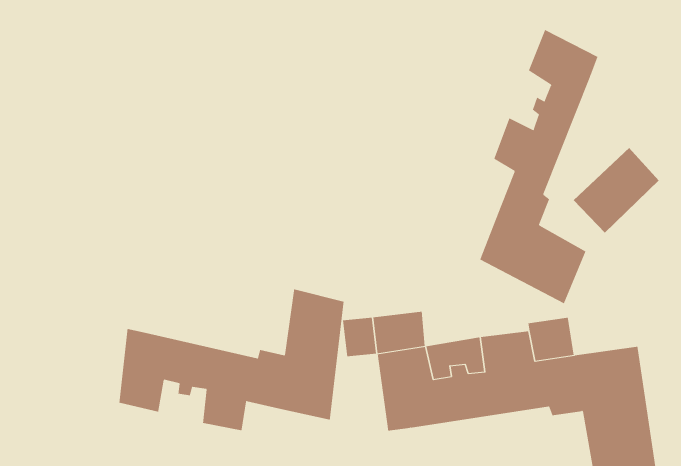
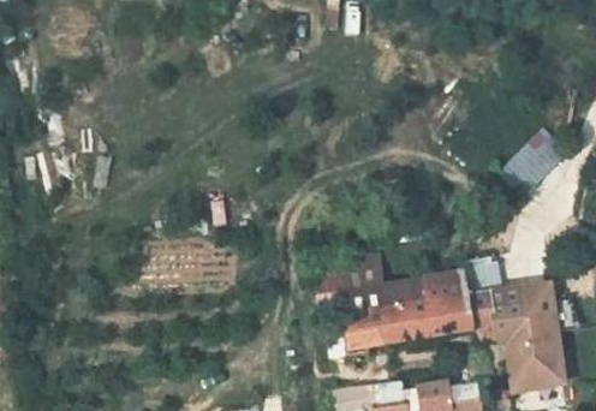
building: [480,29,598,304] -> none
building: [119,289,344,431] -> none

